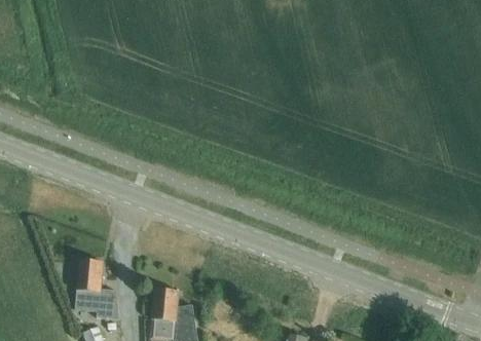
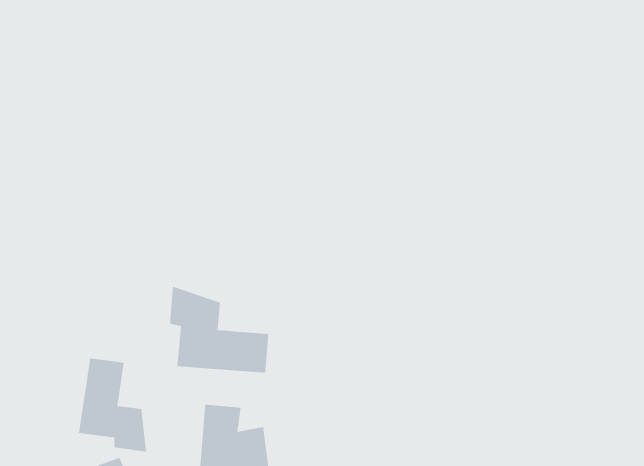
building: none -> [170,286,269,374]

